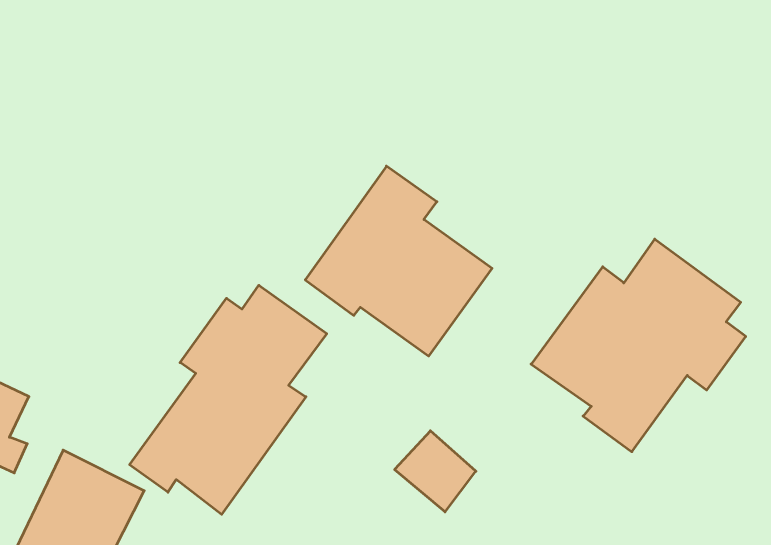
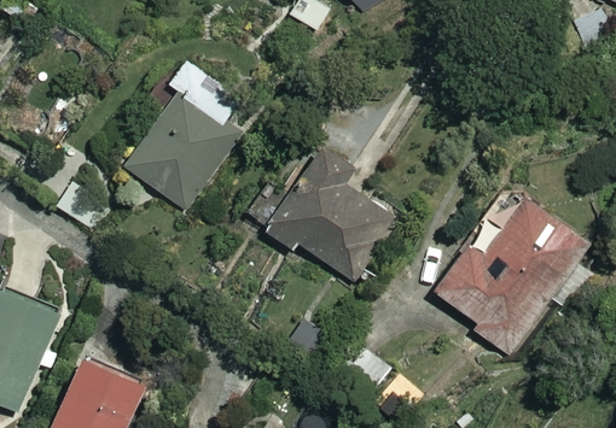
building: none -> [123,59,244,206]
building: [130,285,327,514] -> none

